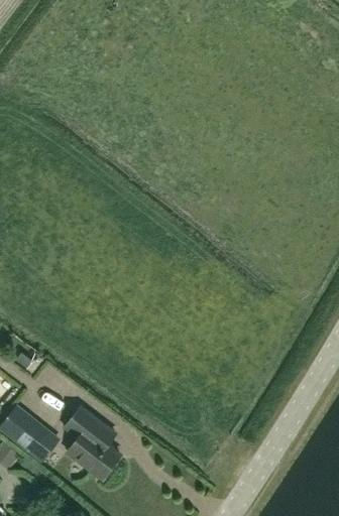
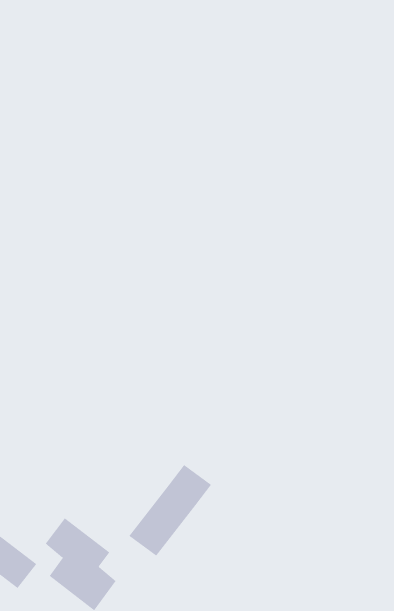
building: none -> [129,464,212,557]

